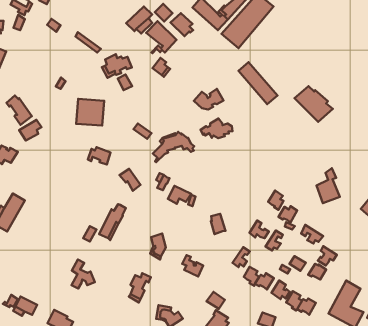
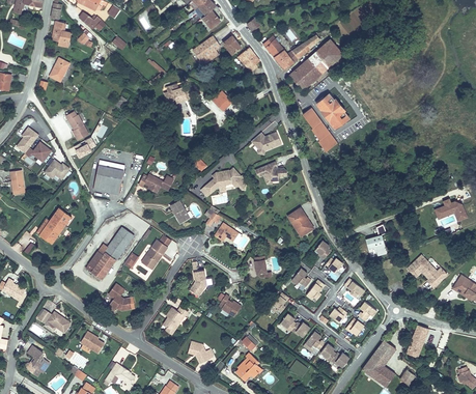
building: [146,21,177,53] -> none
building: [295,86,333,122] -> [313,92,351,130]
building: [76,99,104,126] -> [93,166,124,196]
building: none -> [285,207,314,237]
building: none -> [84,227,132,281]

